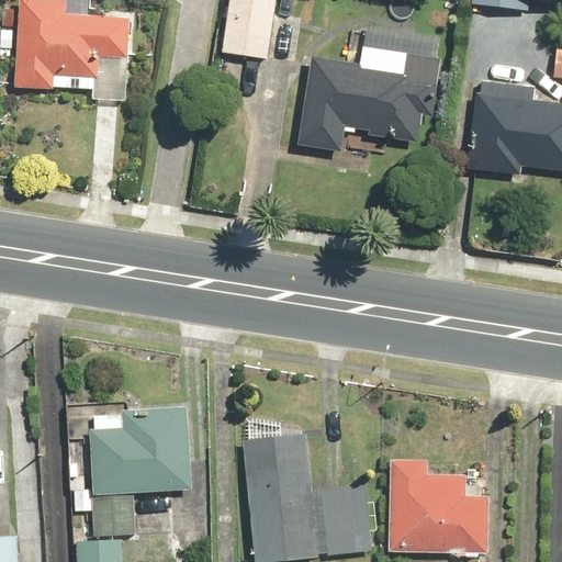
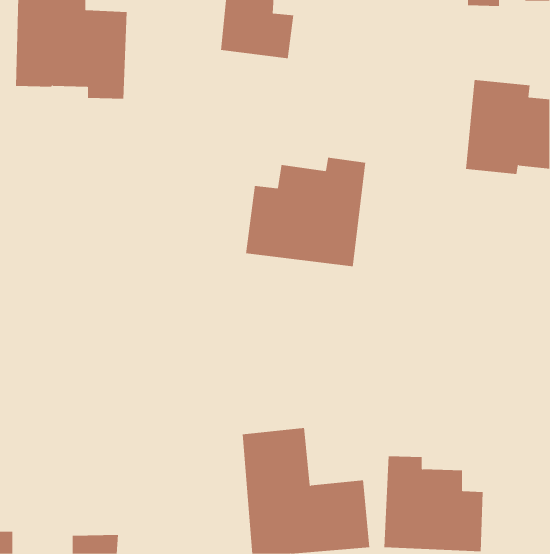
building: [299,25,439,150] -> none
building: none -> [246,157,366,267]
building: [72,407,190,536] -> none

